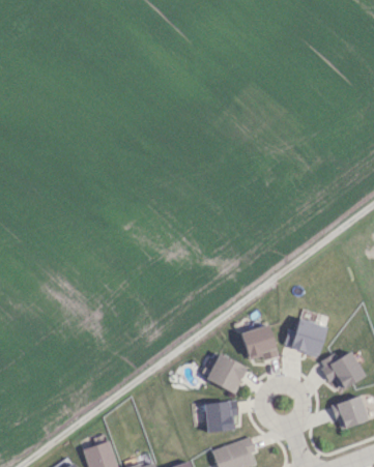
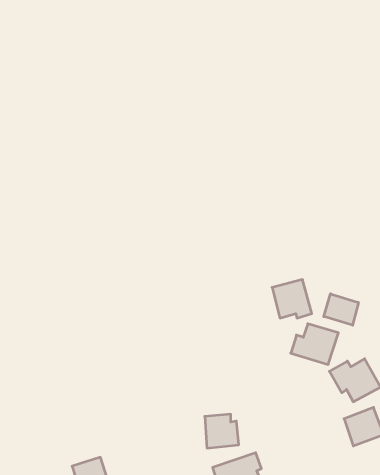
building: none -> [324,294,358,325]
building: [241,324,278,359] -> [272,280,312,318]
building: [207,353,248,392] -> none

